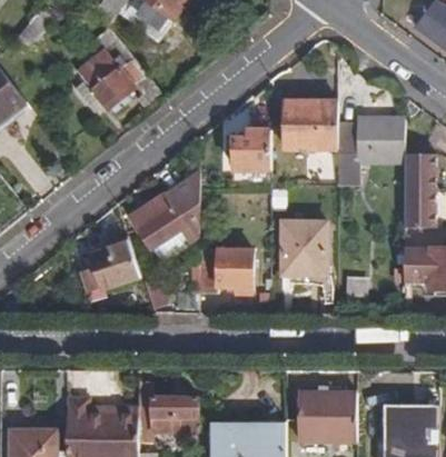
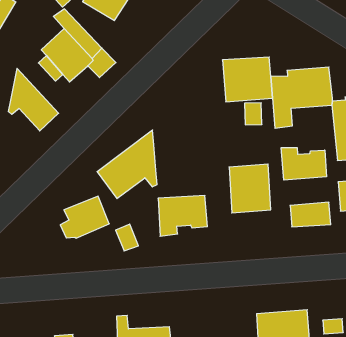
building: none -> [8,68,59,131]
building: [232,126,271,169] -> none
building: none -> [281,148,326,180]

